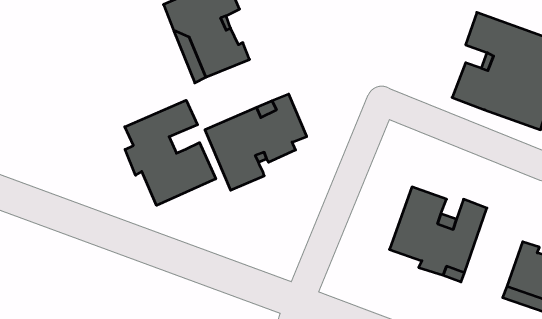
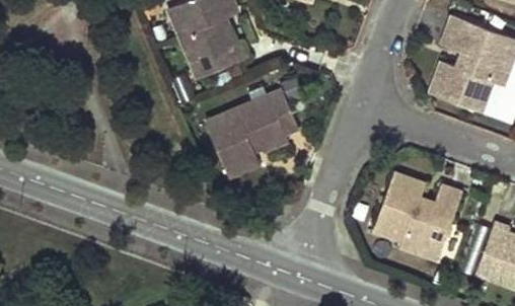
building: [125,100,216,205] -> none

